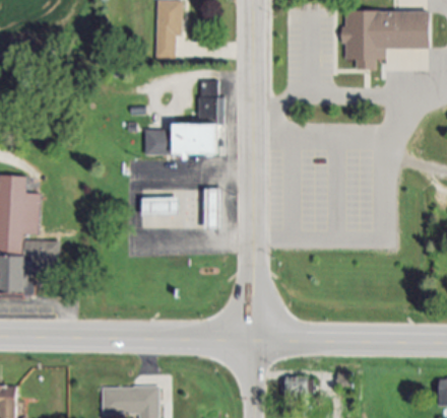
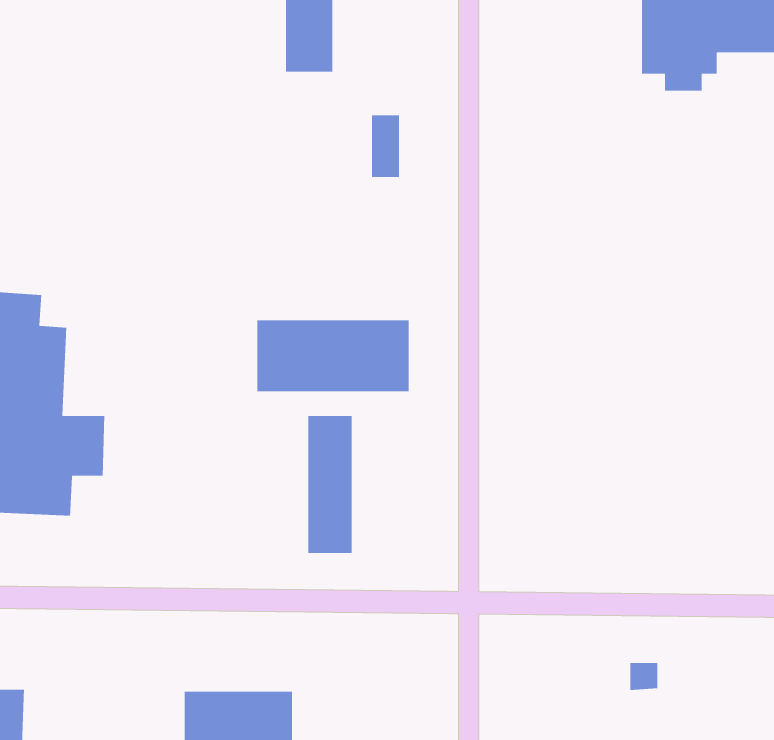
building: [144,124,219,154] -> none
building: none -> [307,415,353,554]
building: [283,376,307,396] -> none

